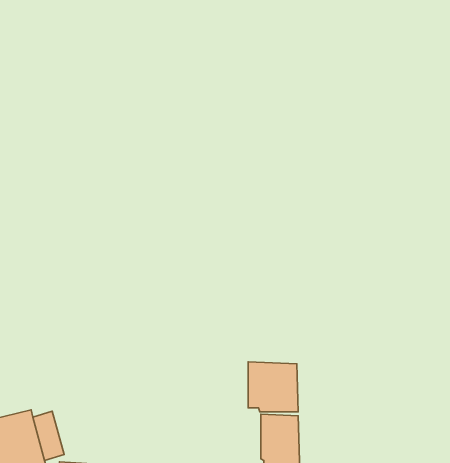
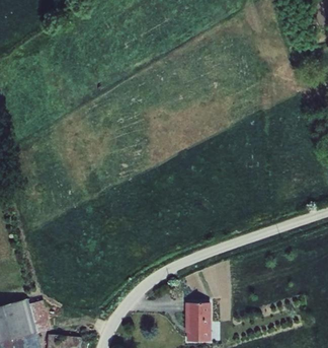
building: [248,362,298,412] -> none

